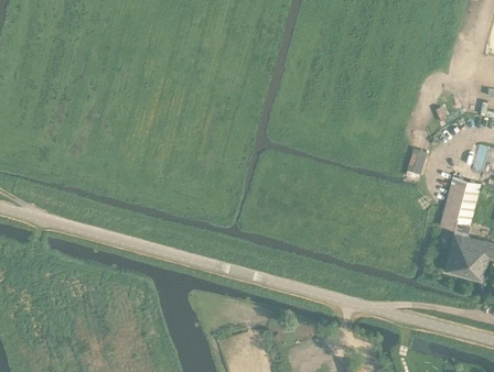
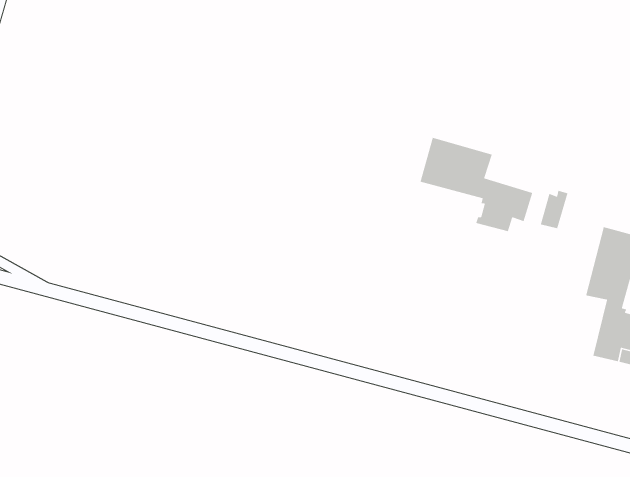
building: none -> [419,137,534,232]

